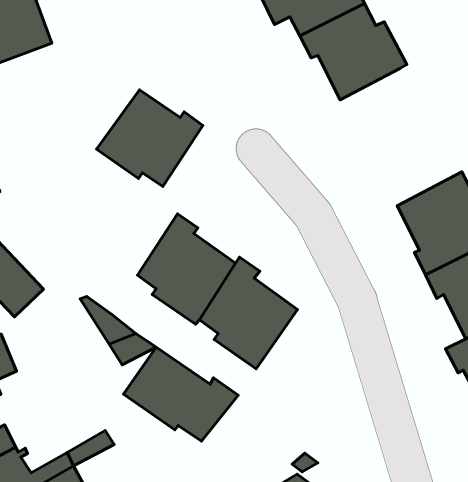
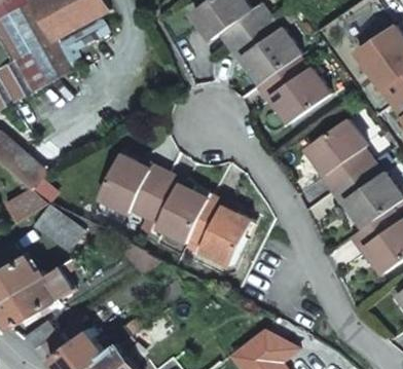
building: none -> [256,57,328,121]
building: [97,90,203,187] -> [97,153,163,214]
building: [123,347,238,441] -> none

